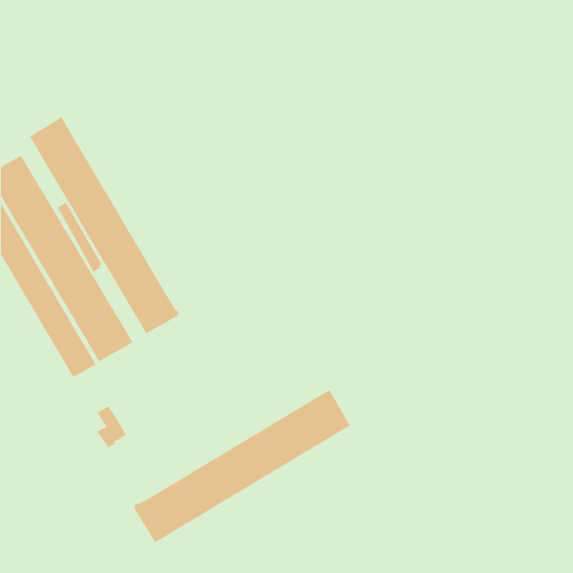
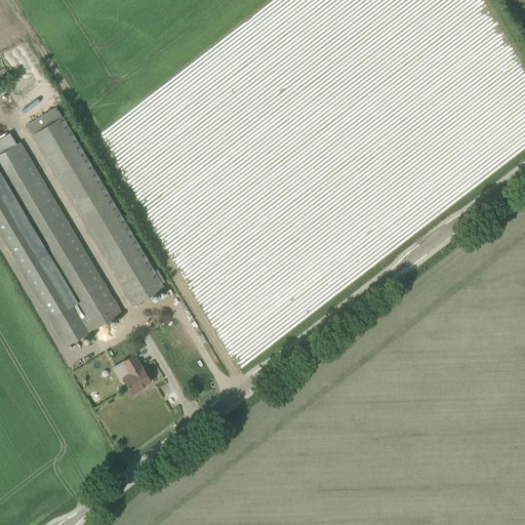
building: [133,389,351,543] -> none
building: [96,406,127,448] -> [123,355,151,394]

